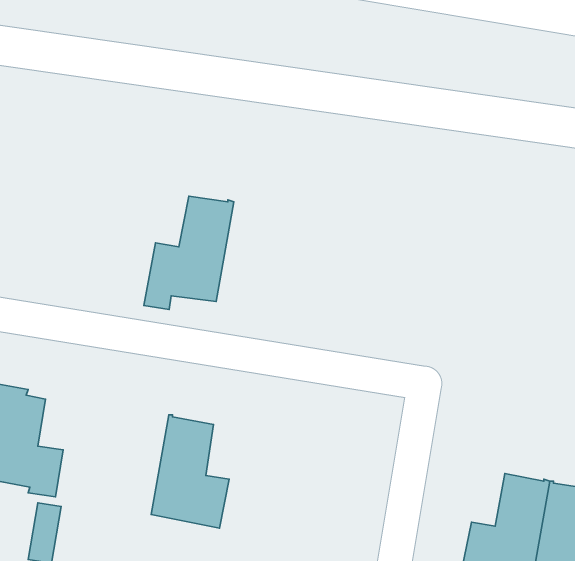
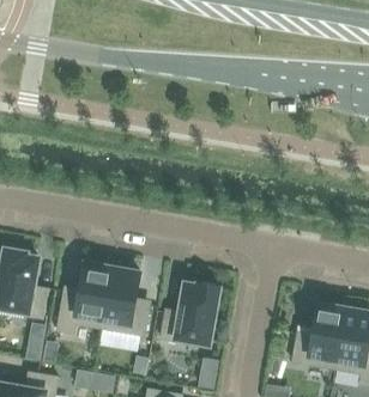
building: [144,196,234,309] -> [58,263,113,332]
building: none -> [162,282,218,342]

